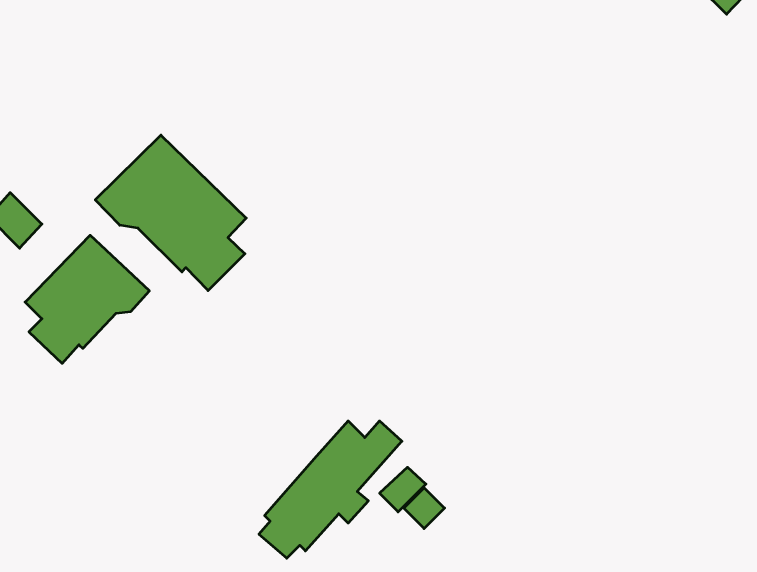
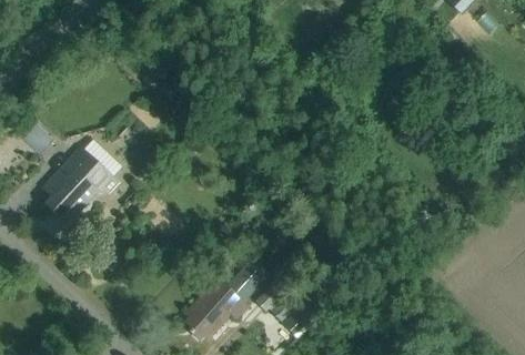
building: [95,135,246,291] -> none

